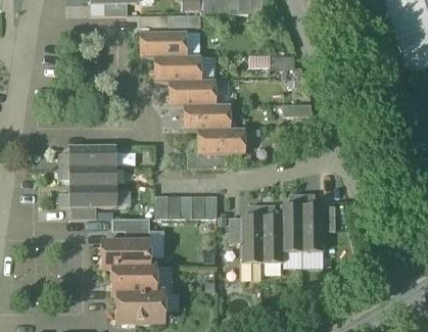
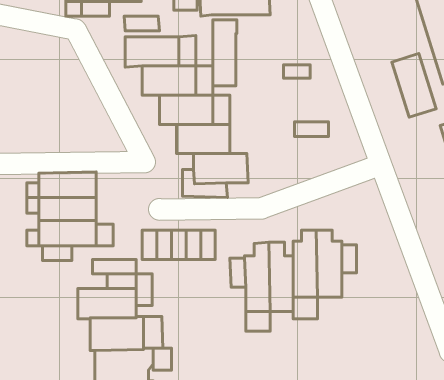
building: none -> [213,20,237,86]
building: none -> [392,54,436,117]

